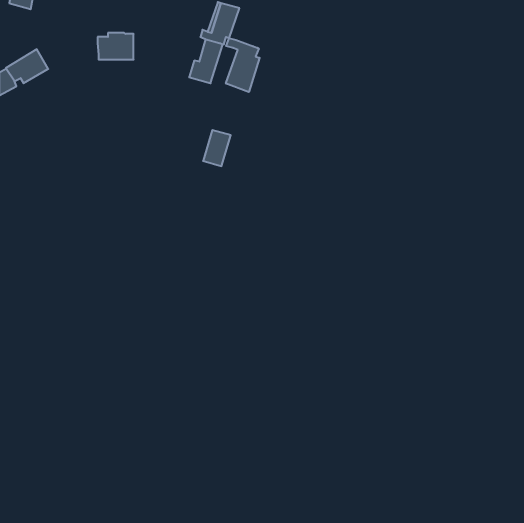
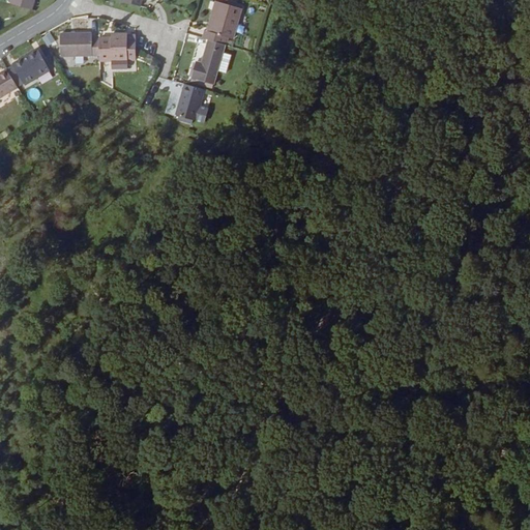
building: none -> [60,32,99,56]
building: [226,38,260,92] -> none
building: [203,130,231,166] -> [175,84,203,120]

